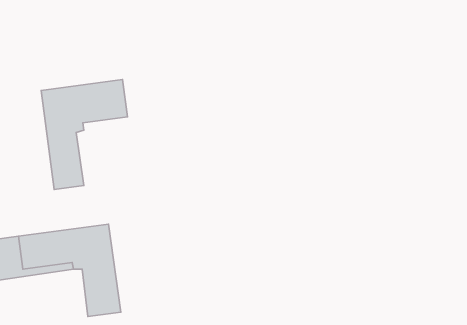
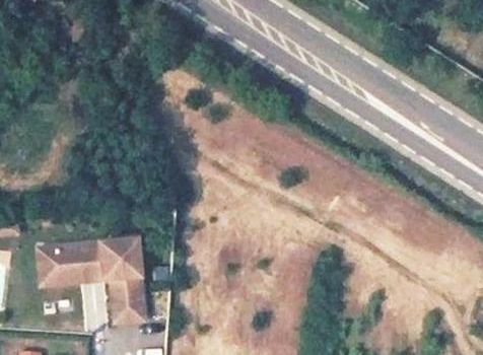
building: [41,80,128,189] -> none

